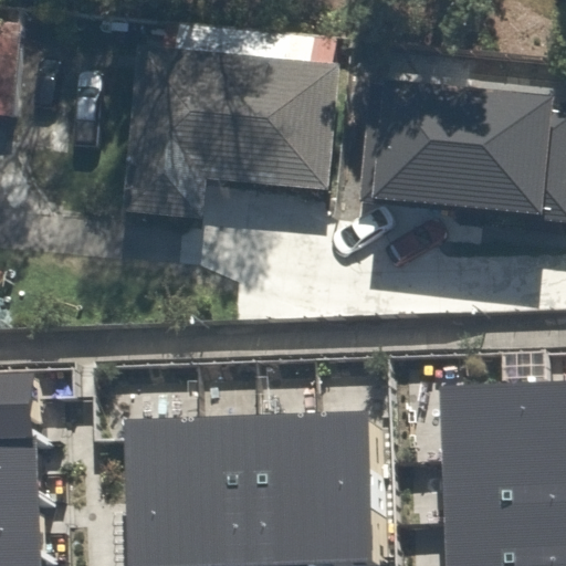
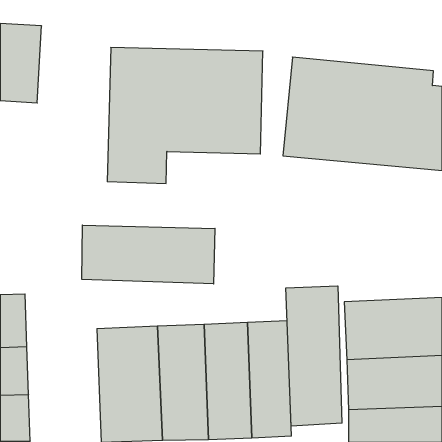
building: none -> [82,225,215,284]
building: none -> [286,286,342,426]

